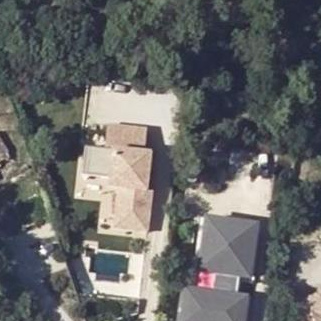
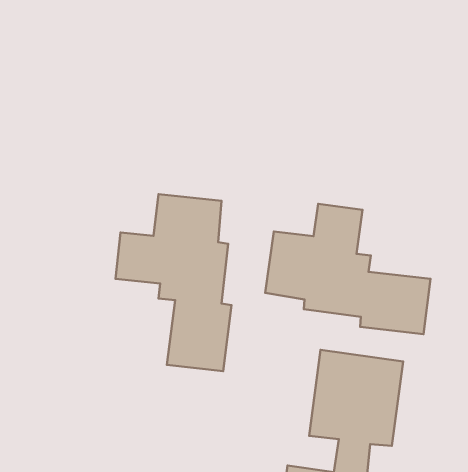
building: none -> [265,204,431,334]

